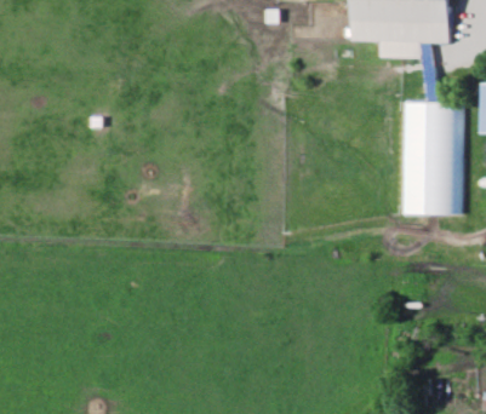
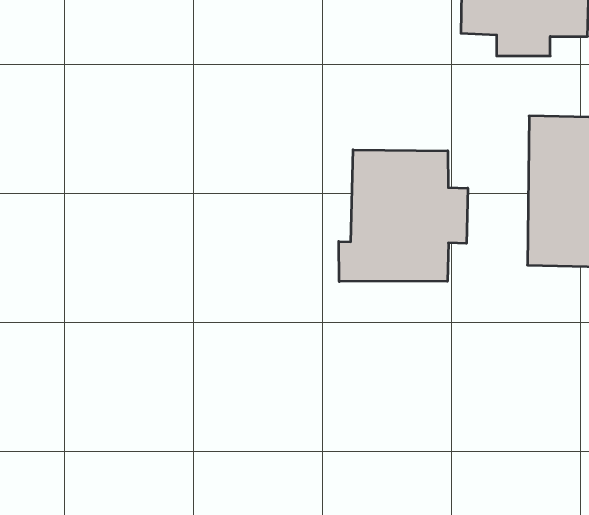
building: none -> [339,150,468,282]

